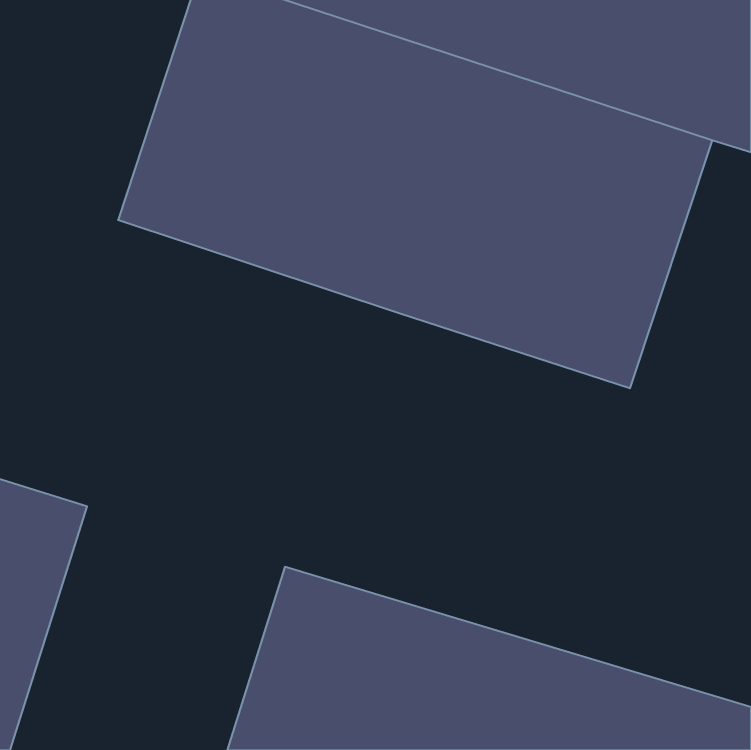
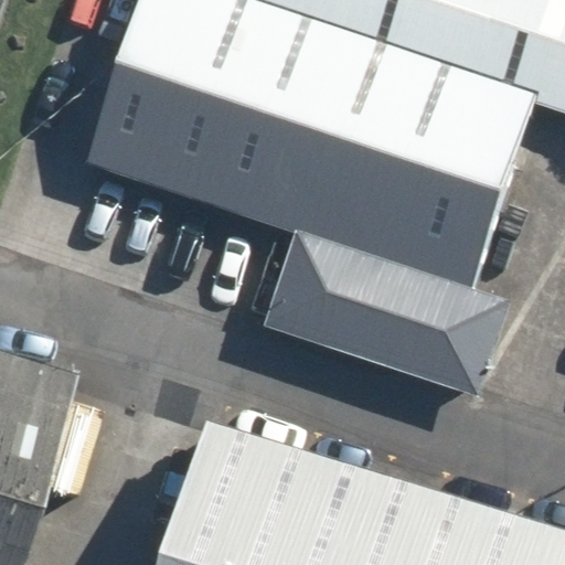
building: none -> [266,234,511,398]

